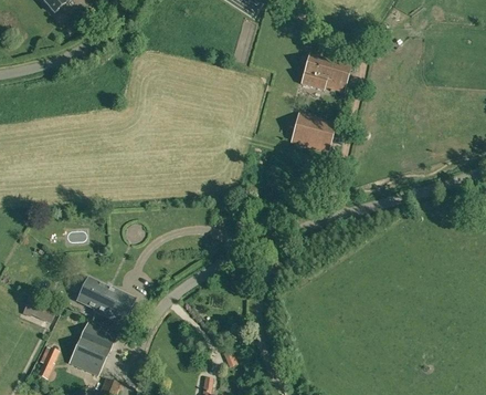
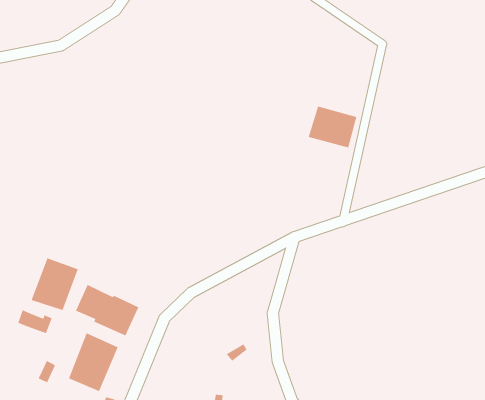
building: [300,54,350,92] -> none
building: none -> [31,257,78,311]

